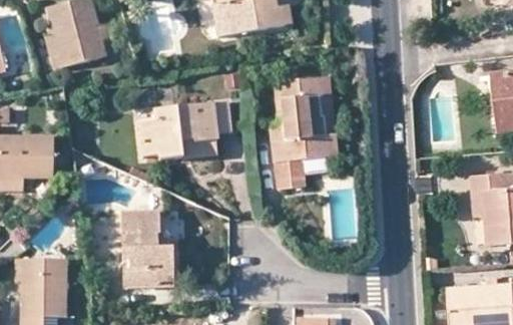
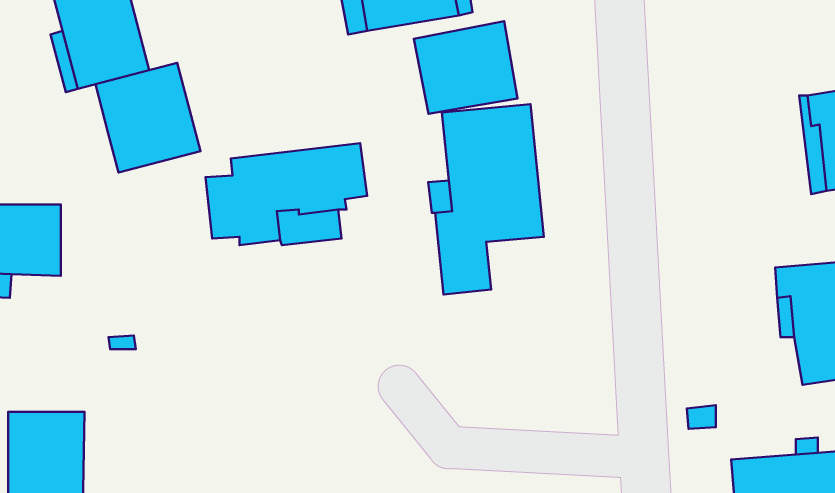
building: none -> [414,21,518,114]
building: none -> [95,63,200,173]
building: [121,210,173,287] -> none

